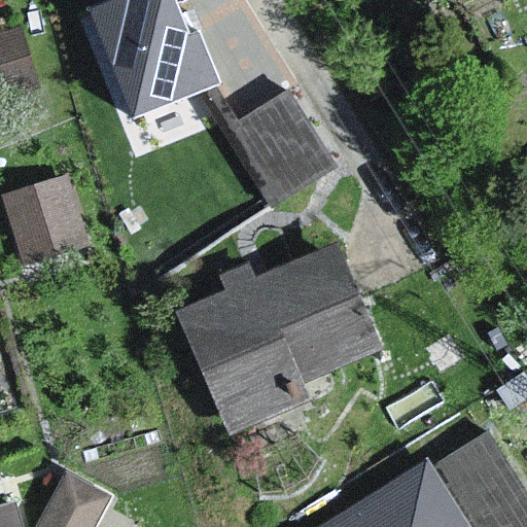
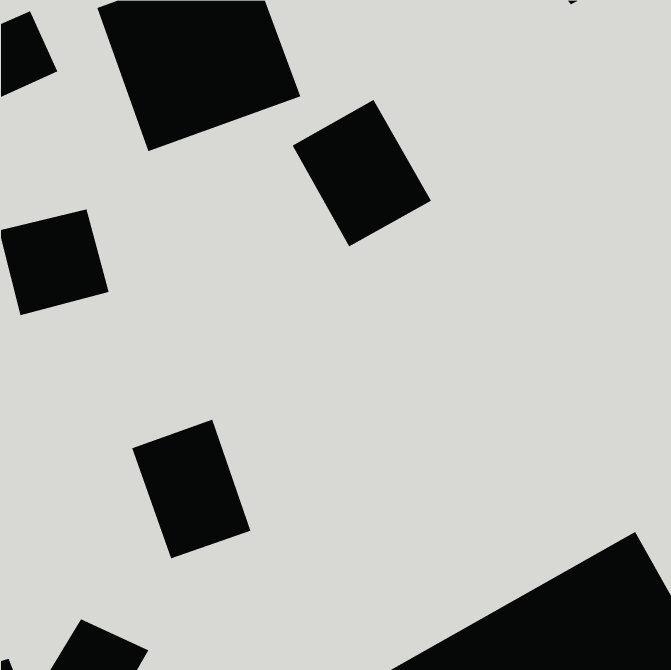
building: [177,267,385,444] -> none
building: none -> [131,419,251,559]

